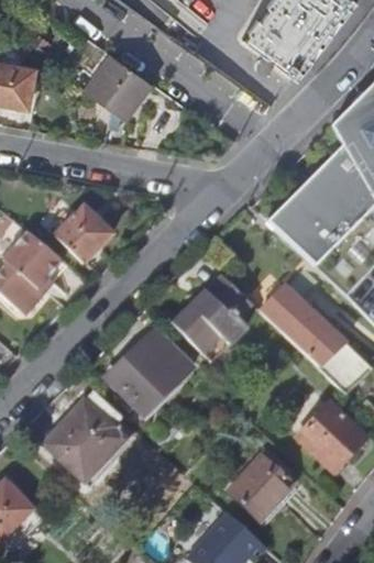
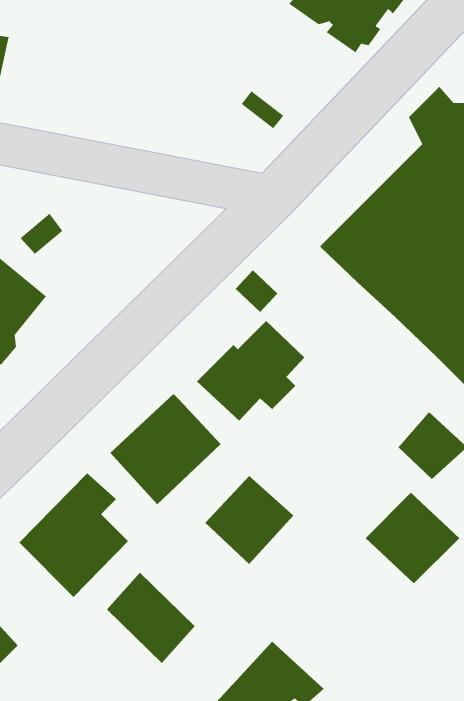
building: [83,54,152,120] -> none
building: [56,207,112,262] -> none
building: [258,286,343,369] -> none
building: [228,455,294,521] -> [205,475,294,565]
building: none -> [106,572,195,664]

